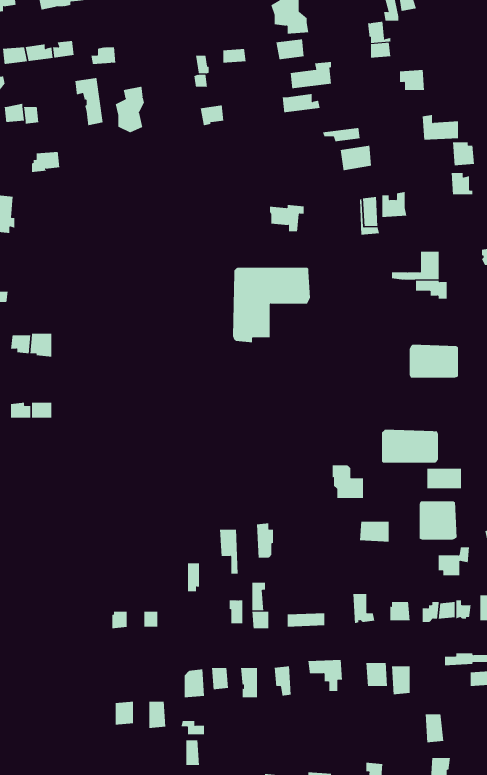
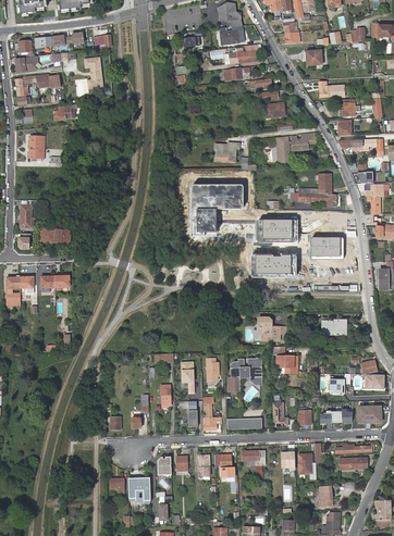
building: [115,86,144,133] -> none
building: none -> [258,219,297,241]
building: [381,429,439,463] -> [251,253,291,276]
building: [419,501,457,541] -> none
building: none -> [226,360,259,390]

